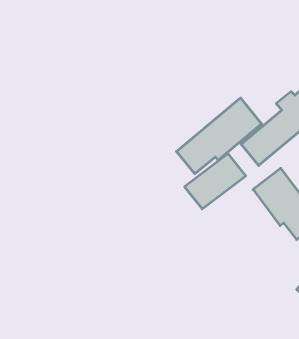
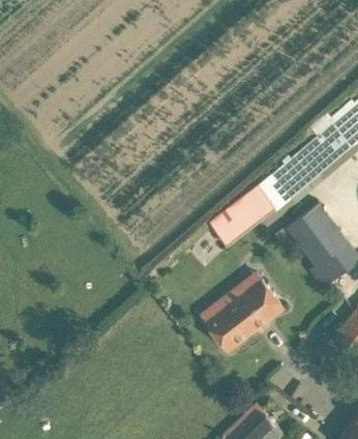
building: [176,98,262,174] -> none
building: none -> [201,275,281,352]

